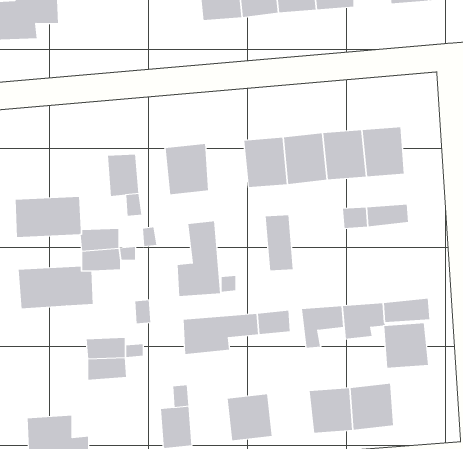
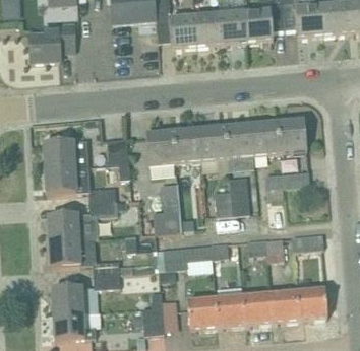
building: none -> [173,129,201,162]
building: none -> [43,140,88,168]
building: none -> [229,177,248,215]
building: none -> [49,239,80,267]
building: [383,323,429,368] -> [297,289,327,320]
building: none -> [51,287,83,314]
building: none -> [215,296,245,327]

